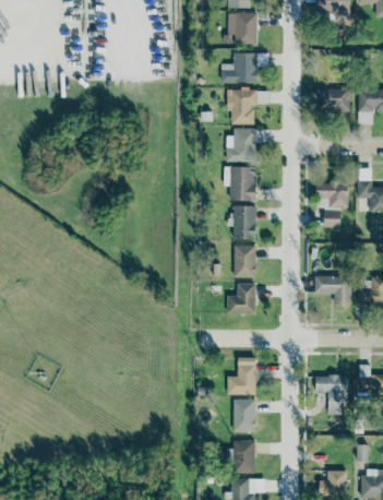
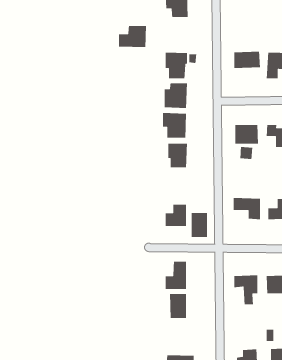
building: [220,52,258,82] -> [118,25,147,48]
building: [234,245,255,277] -> [191,212,208,238]
building: [232,440,255,473] -> none

